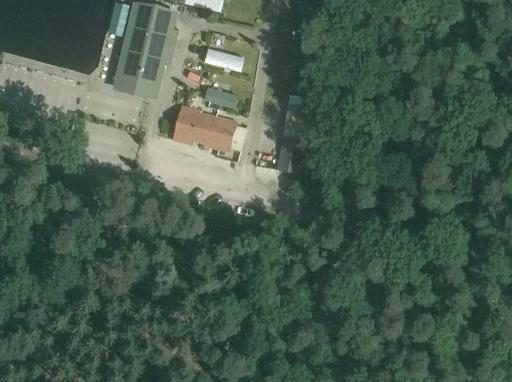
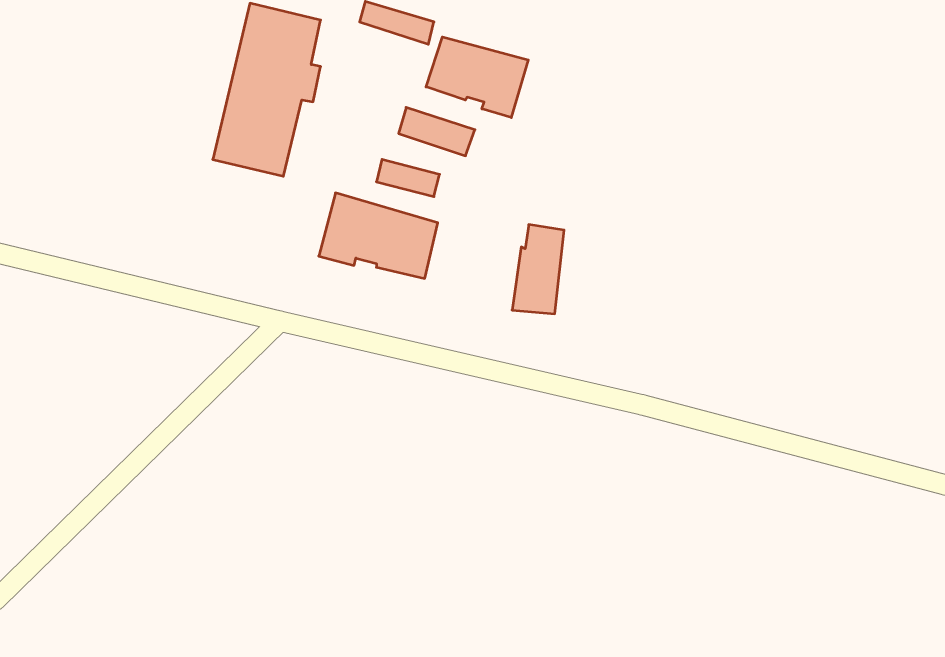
building: none -> [426,37,528,118]

